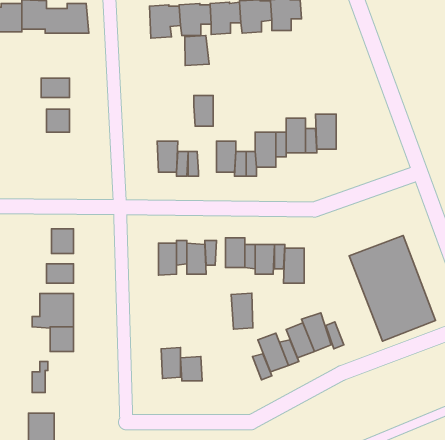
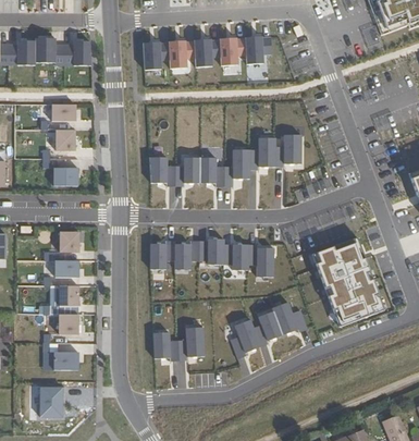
building: [185,35,209,66] -> none
building: [194,95,213,126] -> [183,157,199,183]
building: none -> [53,167,77,185]
building: [231,293,253,329] -> [185,326,204,356]
building: none -> [54,351,78,369]

